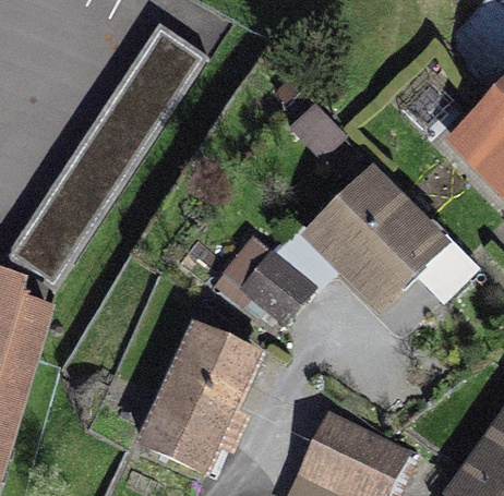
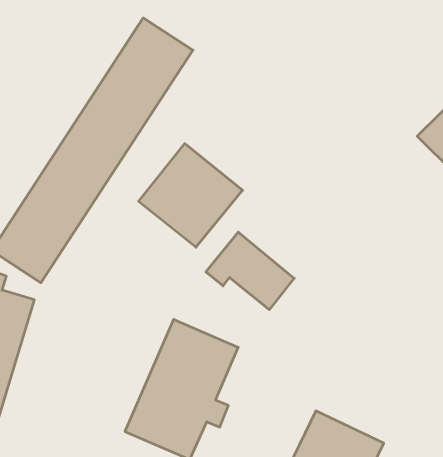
building: none -> [139,144,243,247]
building: [321,170,435,295] -> none

